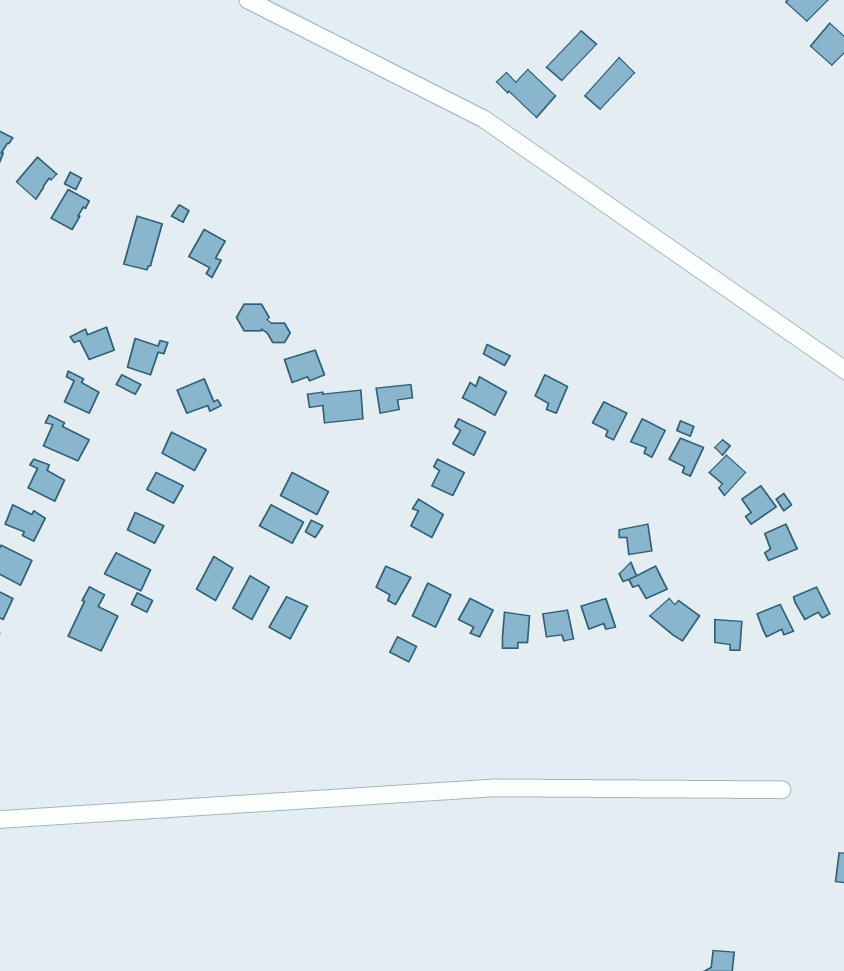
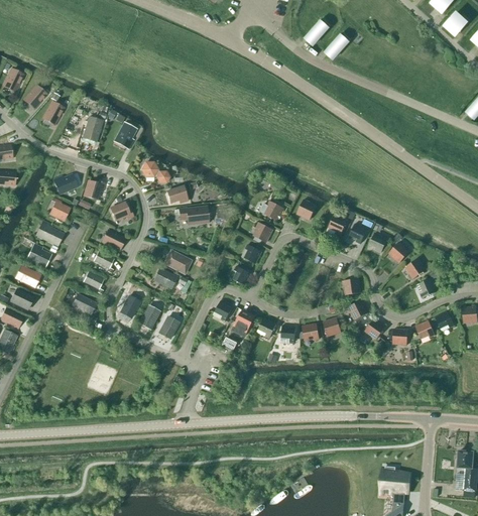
building: [497,70,556,117] -> none
building: [68,587,118,651] -> none
building: none -> [382,466,408,493]

